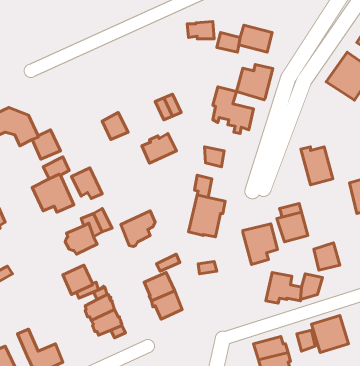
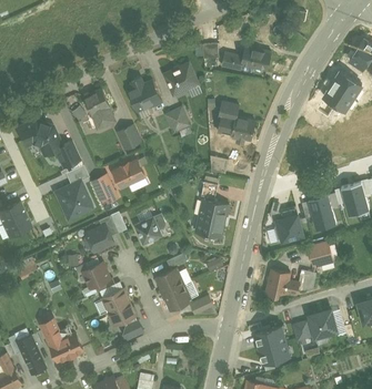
building: none -> [164,64,198,95]
building: none -> [128,78,162,111]
building: [236,65,273,100] -> none
building: none -> [82,90,113,125]
building: [142,134,176,163] -> [113,161,144,187]
building: [301,147,333,185] -> [306,195,335,229]
building: [243,224,278,265] -> none

